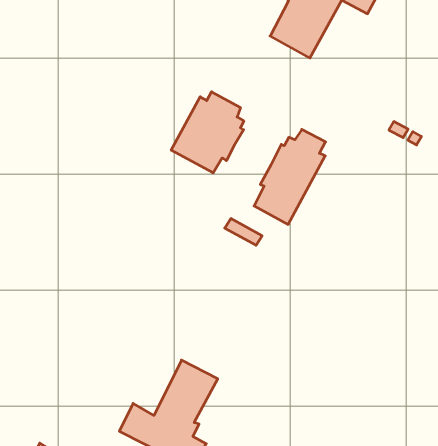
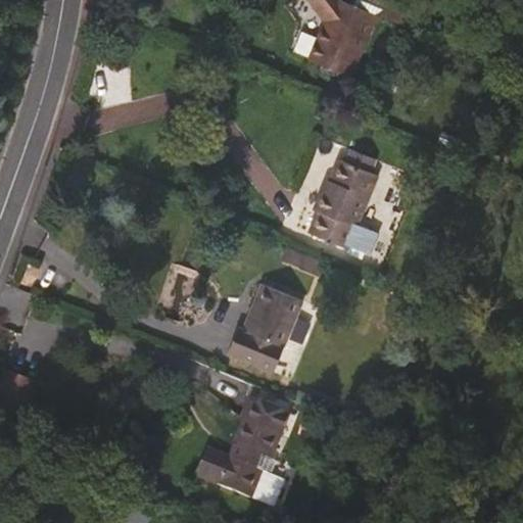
building: [171,92,244,173] -> none
building: none -> [229,283,302,370]

